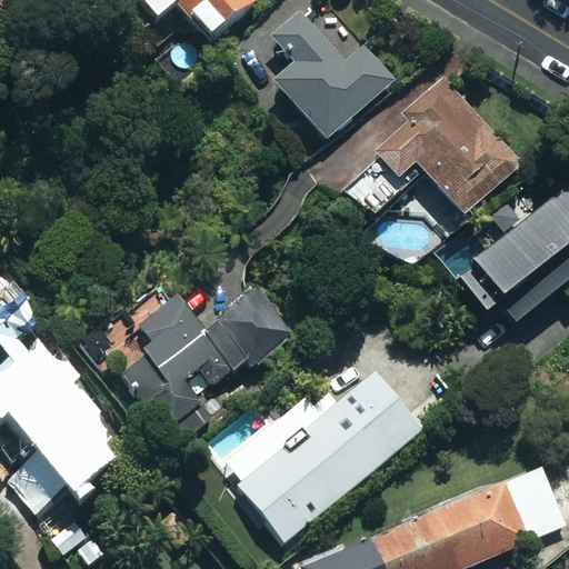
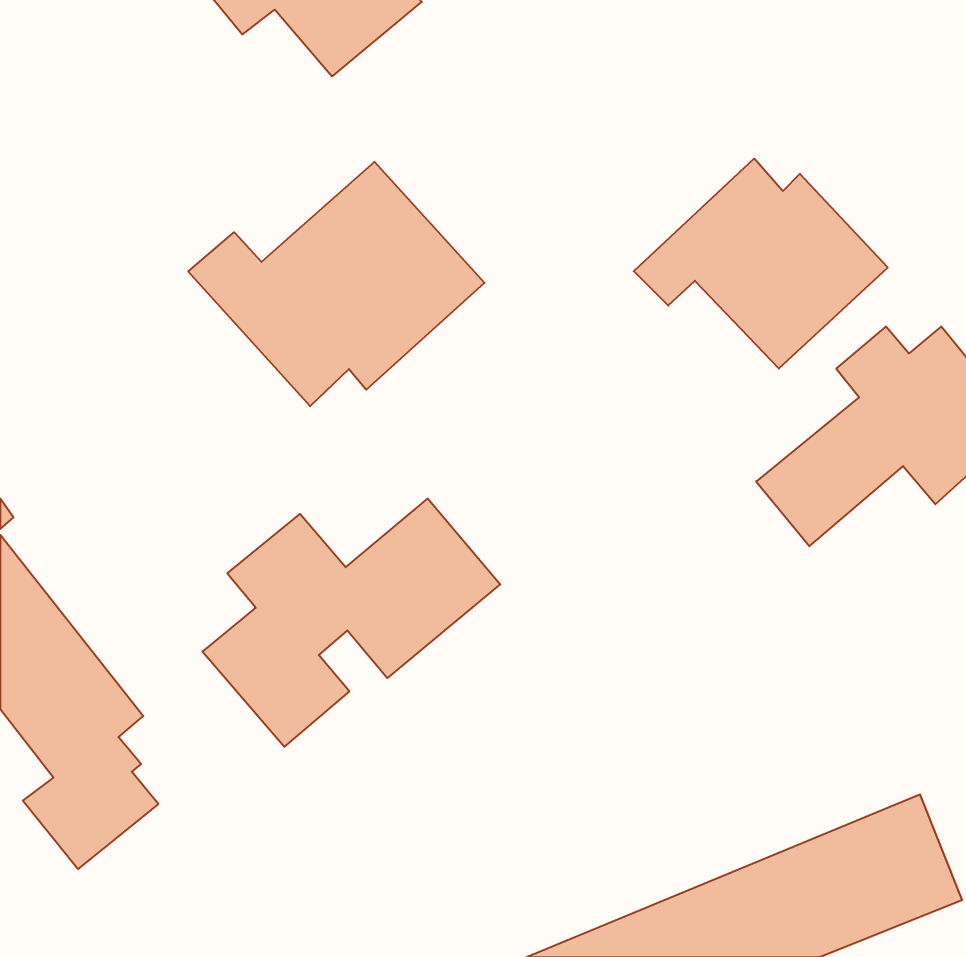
building: [267,8,395,137] -> none
building: none -> [188,162,485,406]
building: [231,375,427,547] -> none

